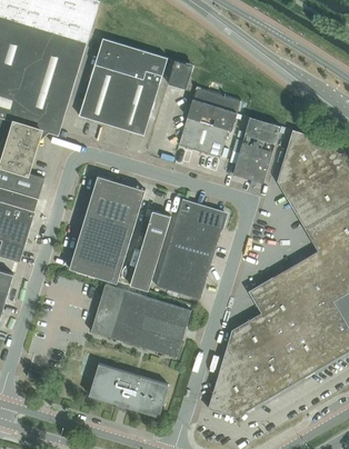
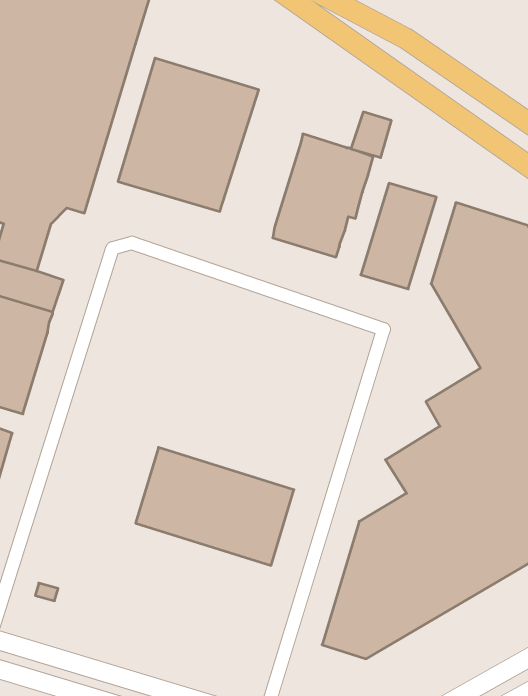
building: [167,61,192,90] -> [351,112,391,158]
building: [68,176,146,285] -> none
building: [156,201,226,300] -> none
building: [129,211,170,291] -> none
building: [88,365,168,418] -> none

